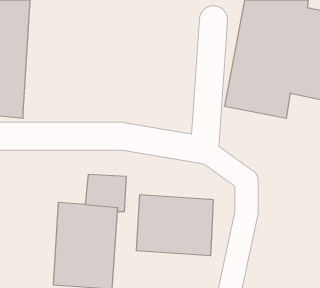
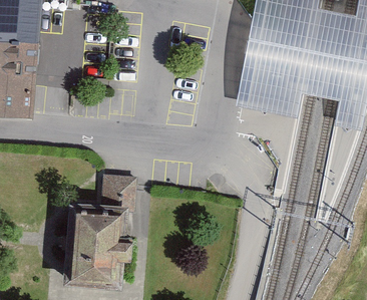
building: [136,195,213,256] -> none

